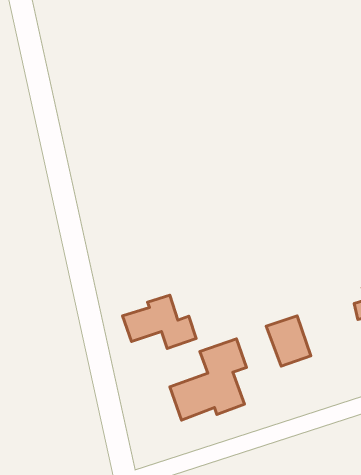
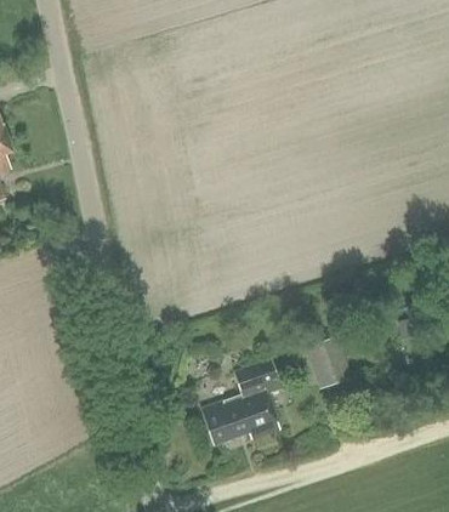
building: [123,295,196,348] -> none

